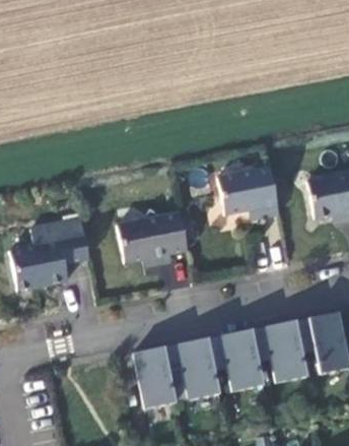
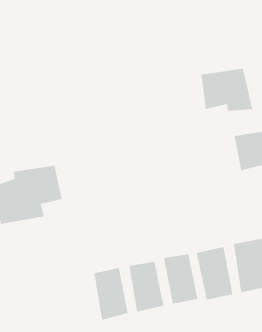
building: [217,166,283,219] -> [200,68,253,111]
building: [117,209,191,270] -> none

